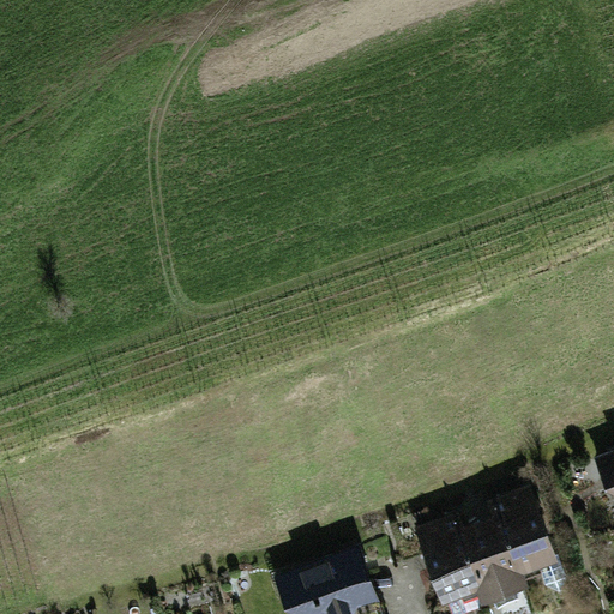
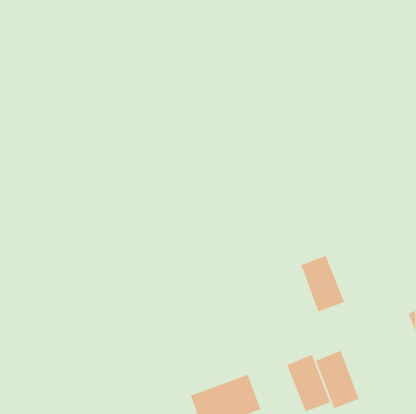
building: [494,496,560,580] -> [300,255,345,312]

